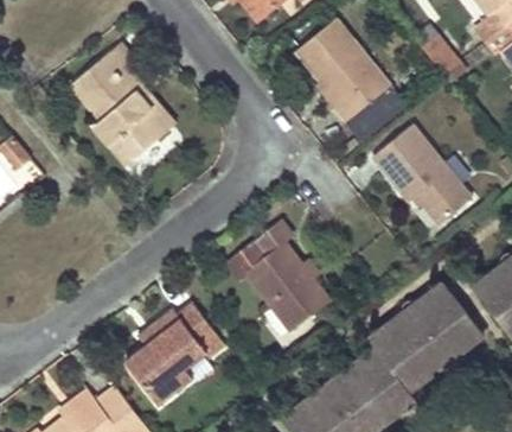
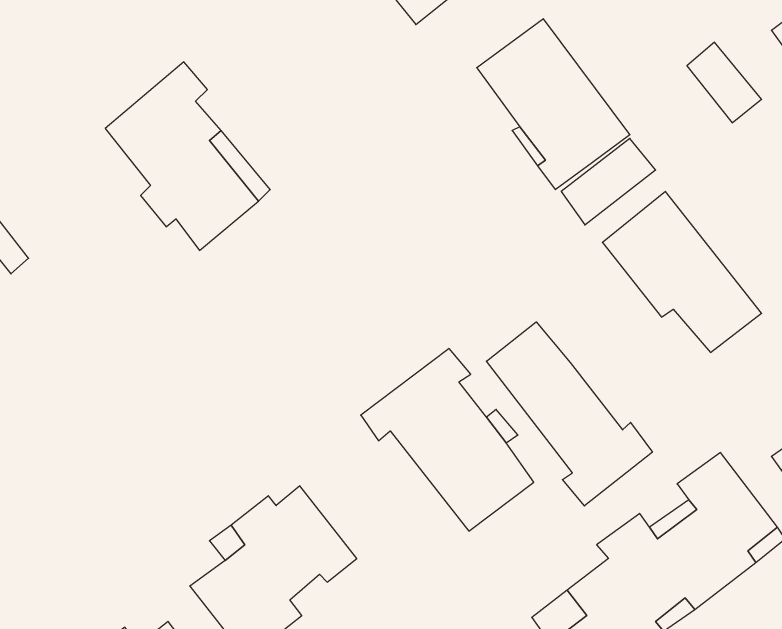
building: none -> [486,322,652,506]

